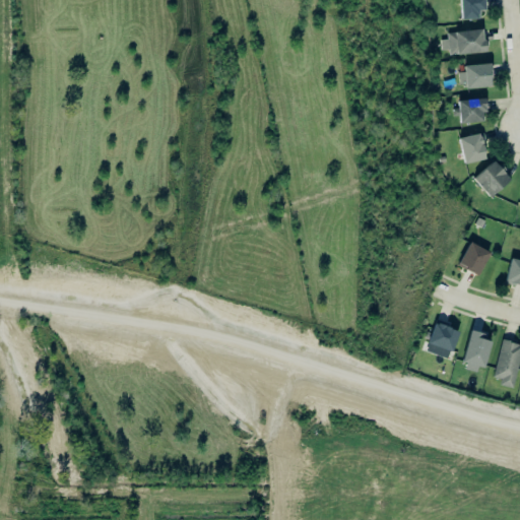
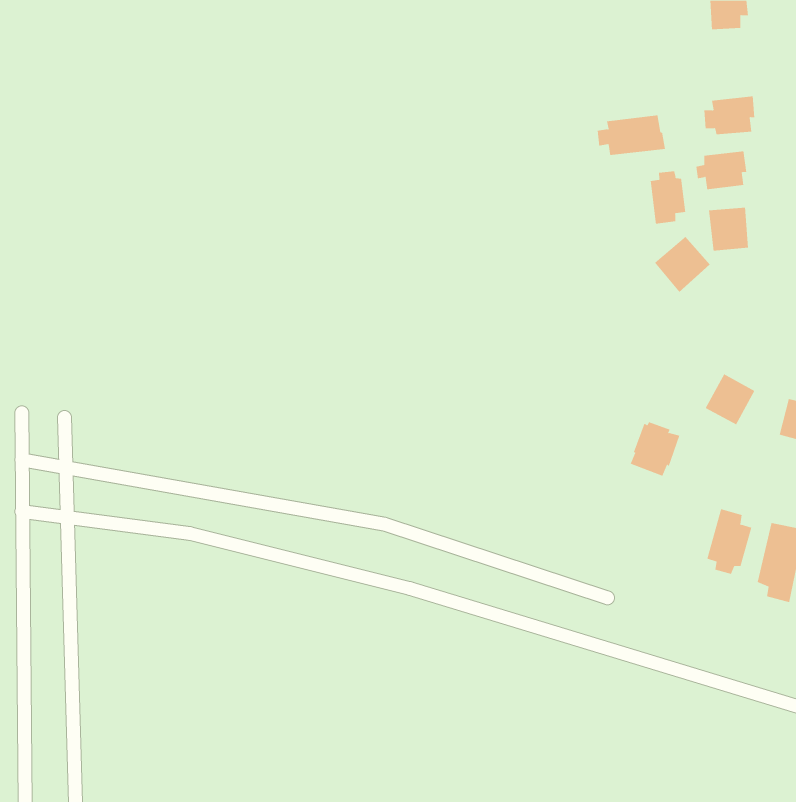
building: [443,28,488,55] -> [597,115,666,156]
building: none -> [650,170,686,225]
building: [474,160,511,197] -> [654,236,711,293]
building: [427,322,459,358] -> [630,422,680,476]

